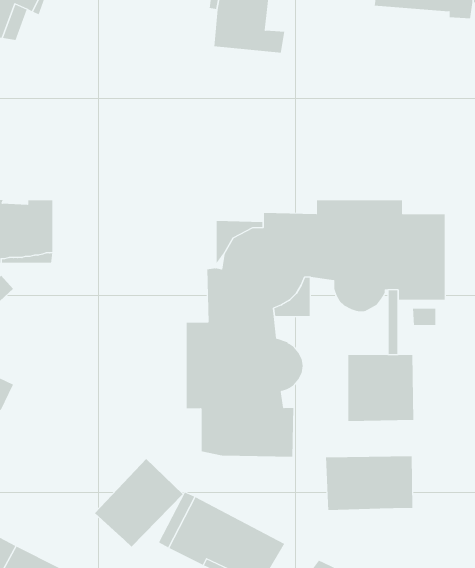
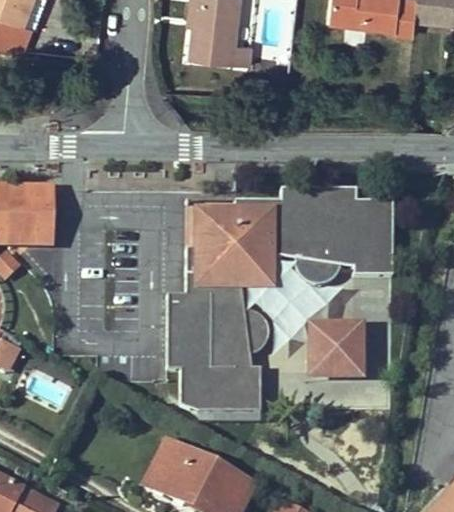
building: [325,455,413,511] -> none
building: [94,458,183,548] -> none

